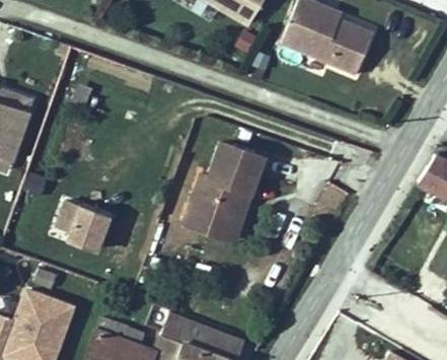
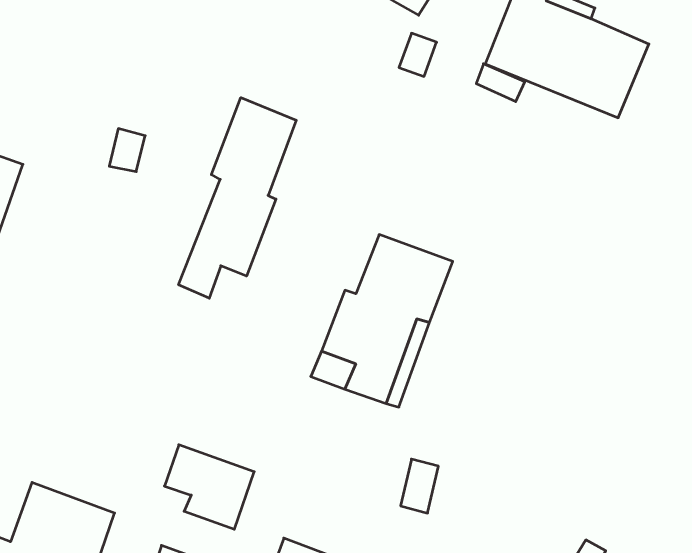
building: none -> [179,98,296,298]
building: [52,203,102,250] -> [164,445,254,529]

